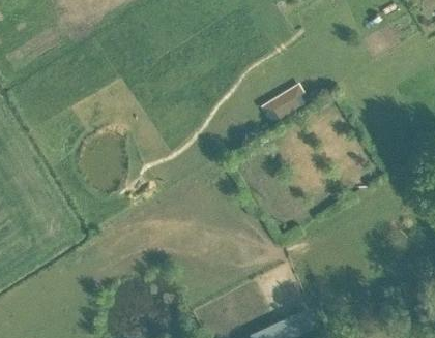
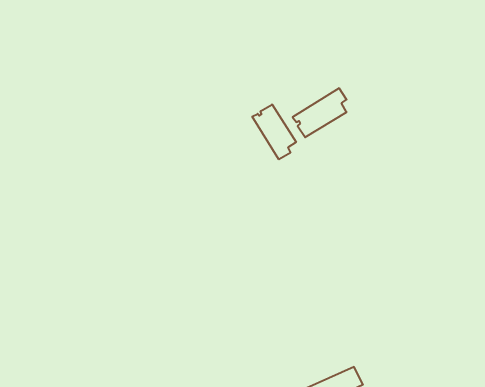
building: none -> [252,104,296,159]

